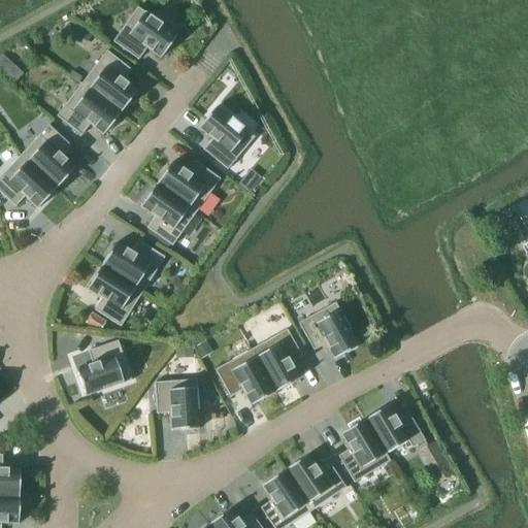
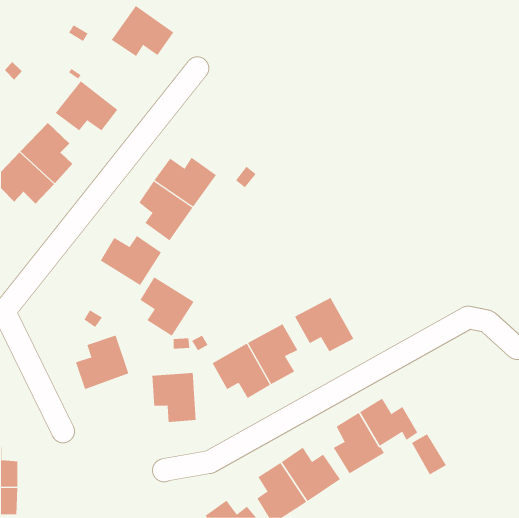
building: [82,50,138,111] -> none
building: [199,104,255,168] -> none
building: [88,264,143,325] -> [139,276,194,337]

